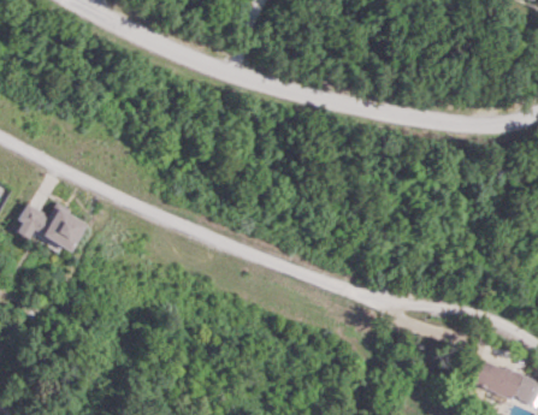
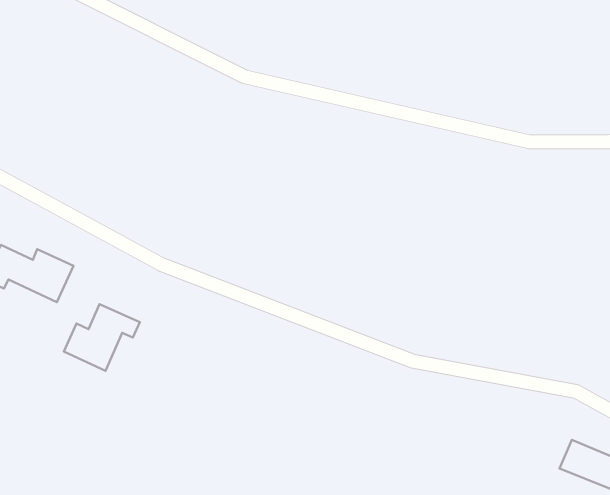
building: none -> [64,304,140,371]

